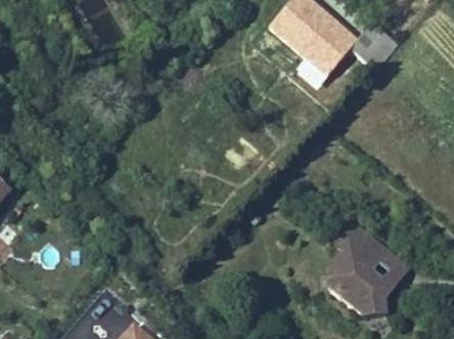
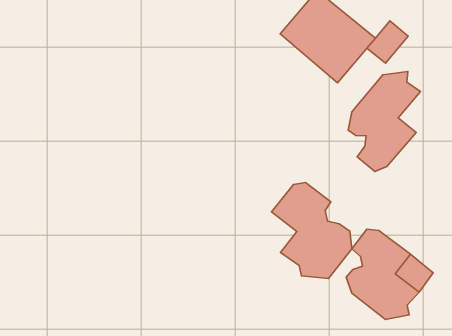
building: none -> [348,72,420,172]
building: none -> [272,182,352,279]

